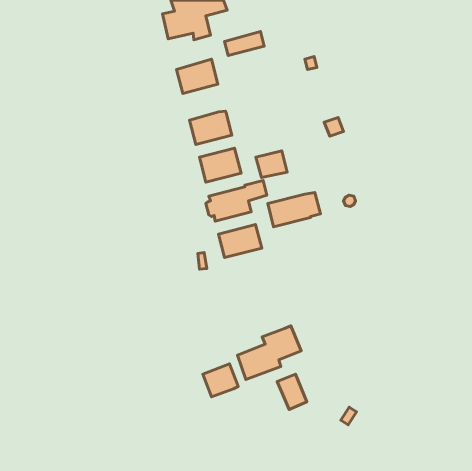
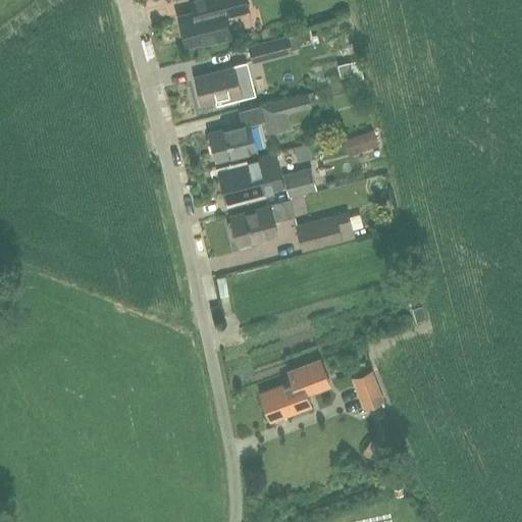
building: none -> [259,93,310,133]
building: [218,225,262,258] -> none
building: [203,364,238,397] -> none
building: [277,374,307,409] -> [351,371,383,410]

